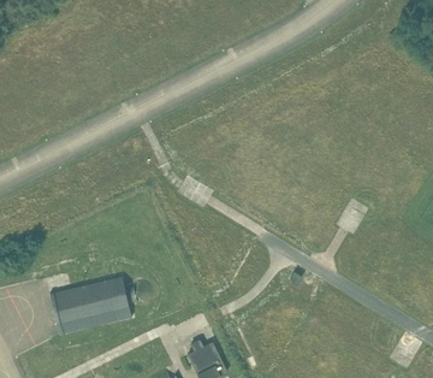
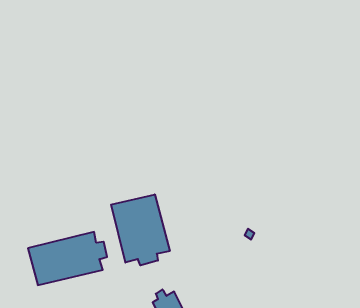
building: none -> [111,194,170,265]

